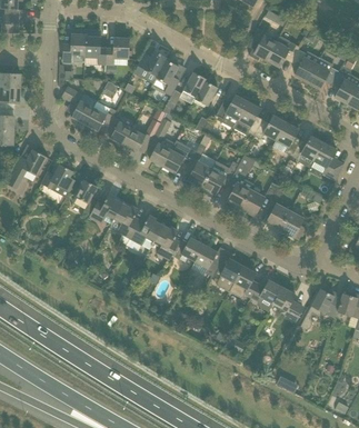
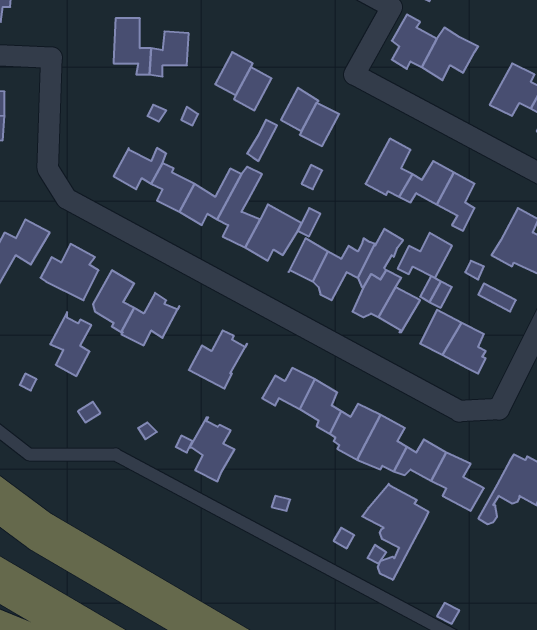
building: [63,29,86,62] -> none
building: [291,50,320,81] -> none
building: [62,87,93,123] -> none
building: [216,94,248,128] -> none
building: [291,135,323,161] -> [398,233,452,278]
building: [113,200,138,238] -> [50,312,91,376]
building: [153,222,180,260] -> [189,417,235,481]
building: none -> [362,484,428,580]

